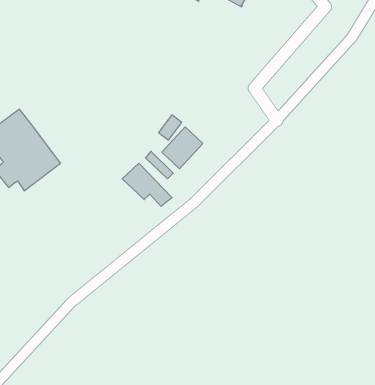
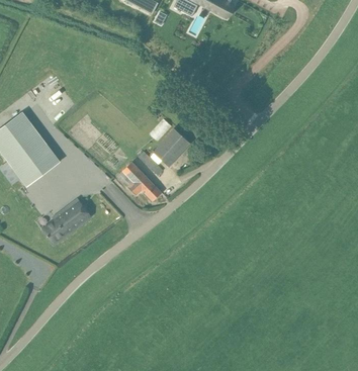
building: none -> [42,197,90,242]

